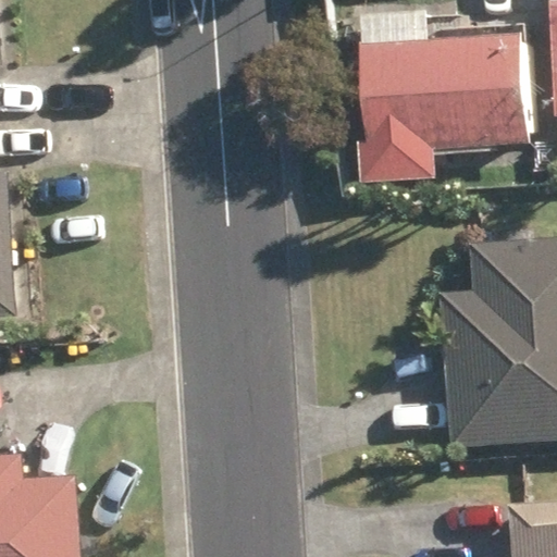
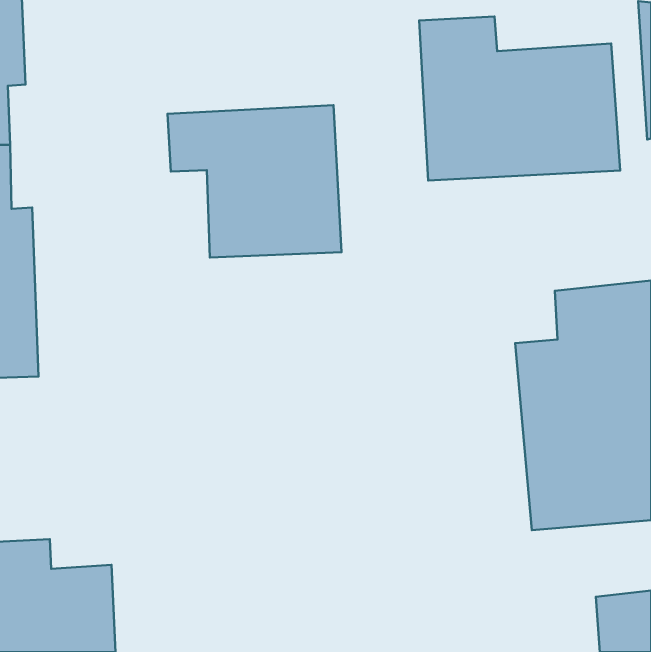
building: none -> [168,105,341,258]

